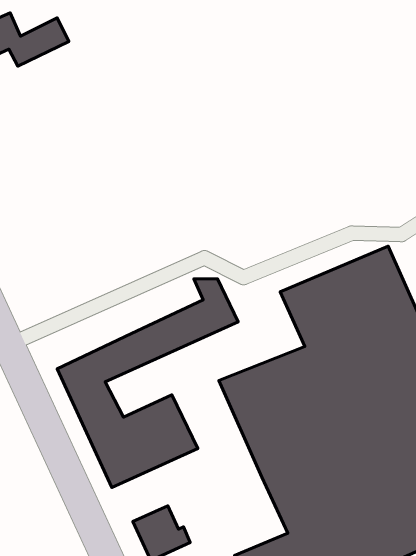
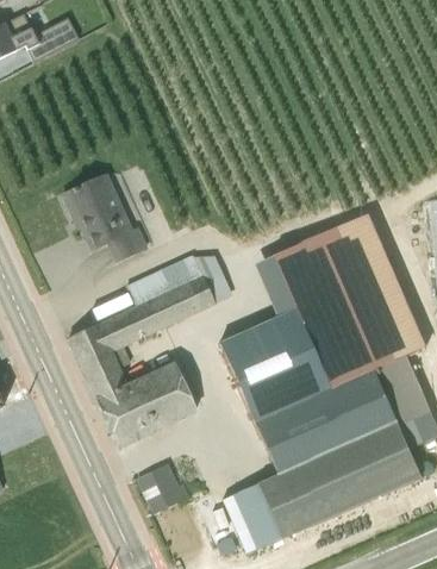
building: none -> [61,173,145,261]
building: none -> [124,254,199,305]

